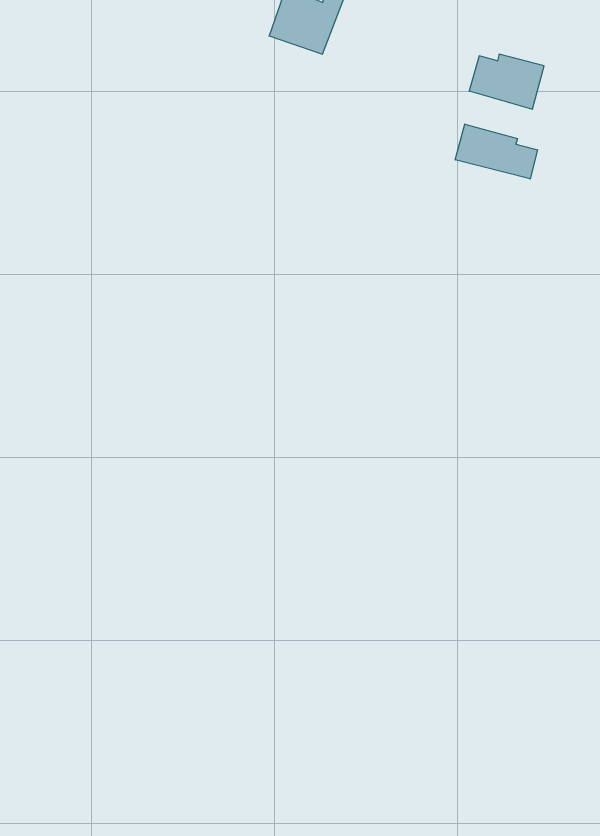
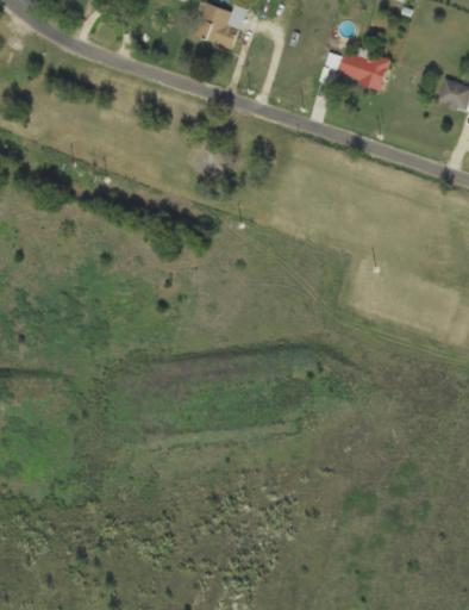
building: [455,124,537,179] -> none

